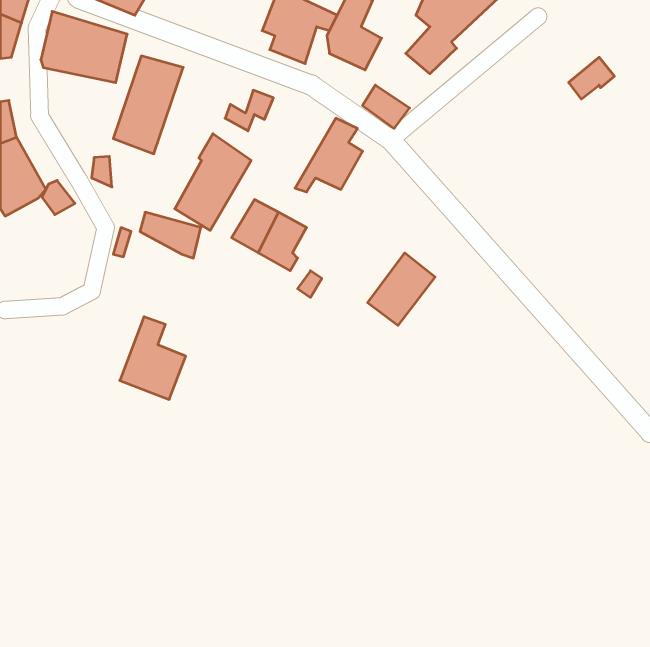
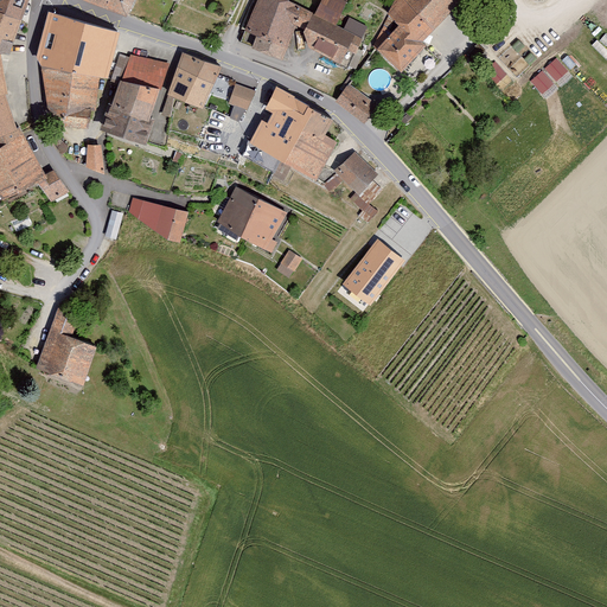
building: none -> [170,55,218,107]
building: none -> [40,63,108,127]
building: [175,134,251,230] -> [242,85,313,175]
building: none -> [333,155,376,196]
building: [120,317,186,399] -> [34,308,96,385]

